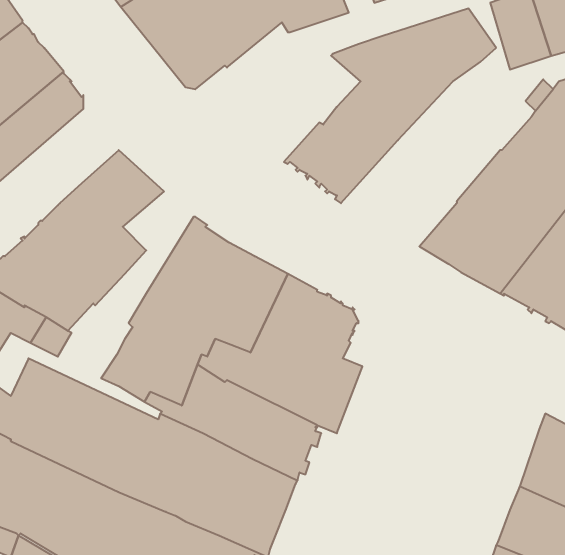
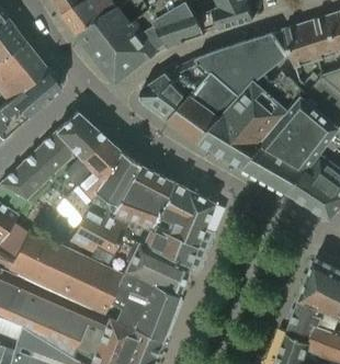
building: none -> [141,60,211,120]
building: none -> [200,73,306,167]
building: none -> [63,136,117,218]

